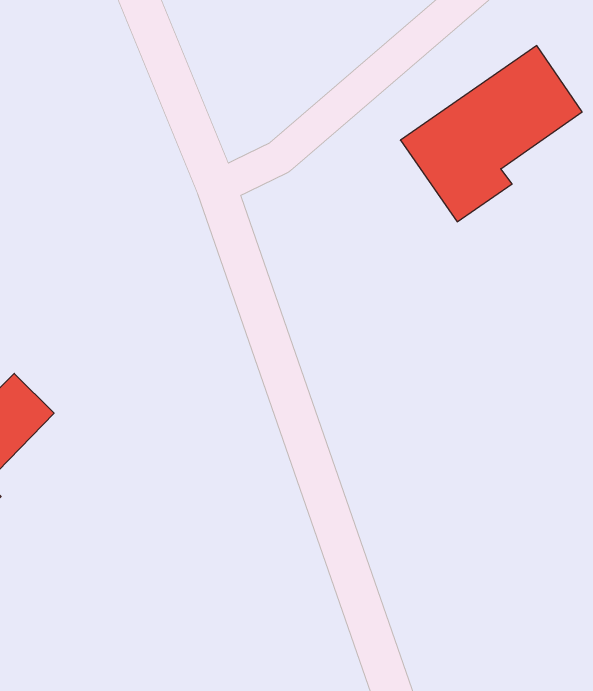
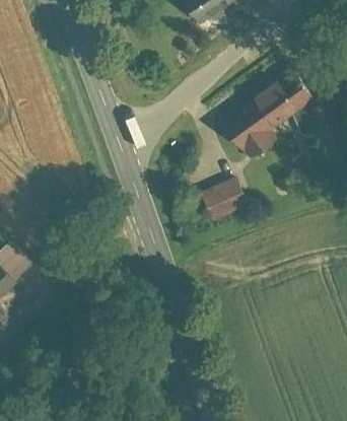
building: none -> [200,178,247,220]

